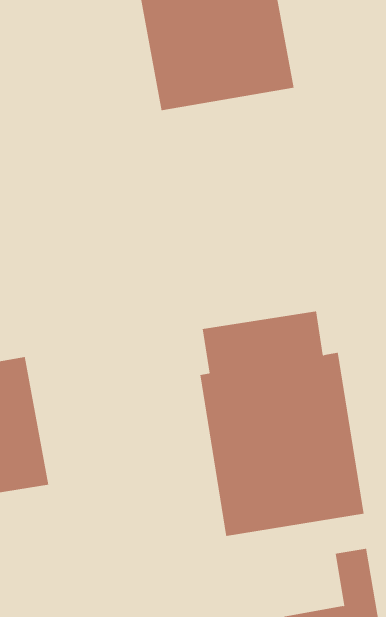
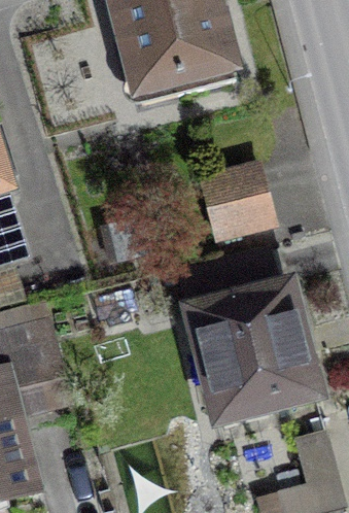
building: none -> [200,163,277,244]

